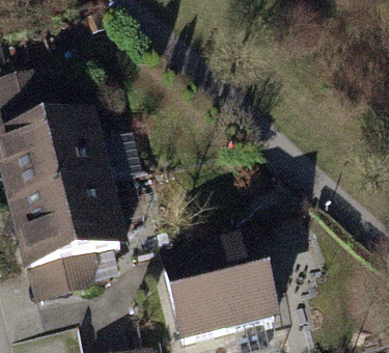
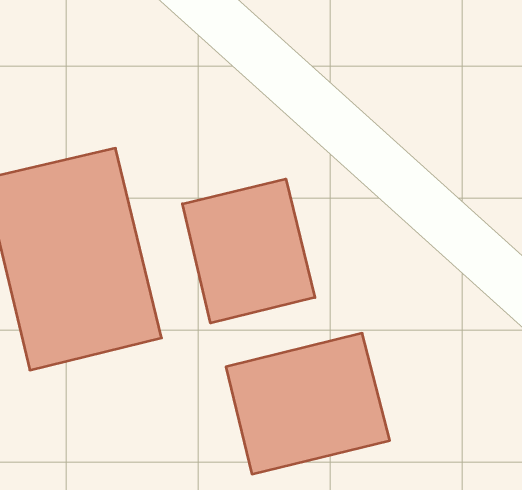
building: none -> [182,179,315,323]

